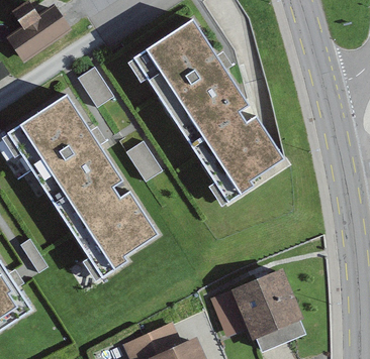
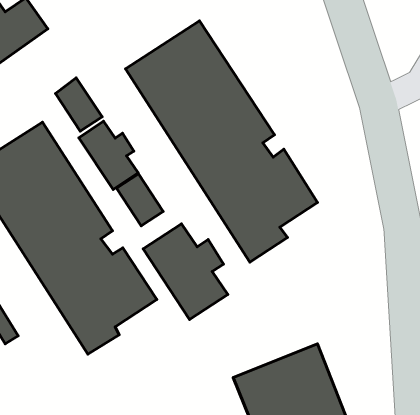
building: none -> [79,121,138,190]
building: none -> [143,224,228,320]

